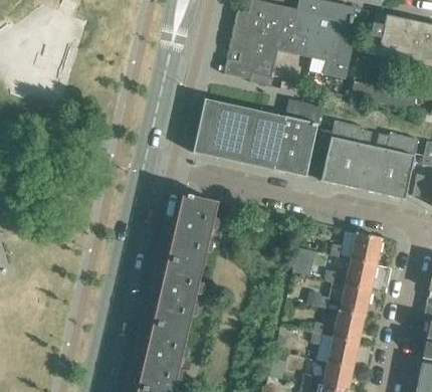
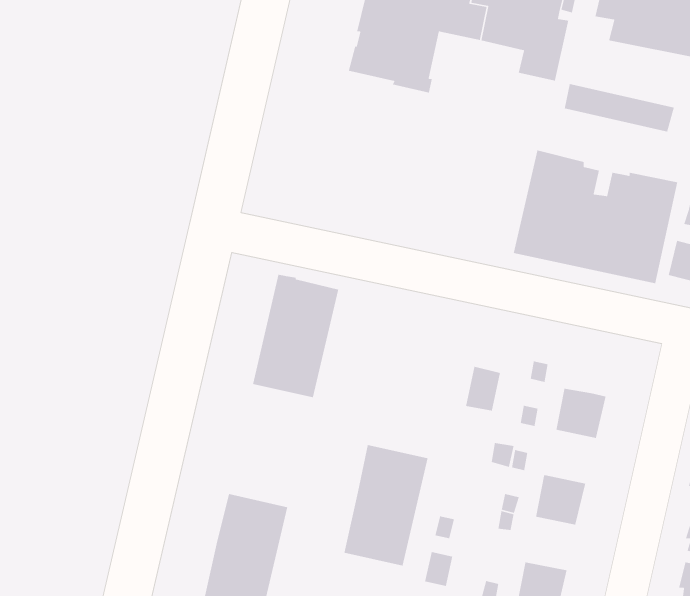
building: [193,97,321,176] -> none
building: [351,231,381,264] -> none
building: [153,257,203,330] -> [343,444,429,567]
building: [340,284,370,316] -> none
building: [328,336,358,367] -> none

